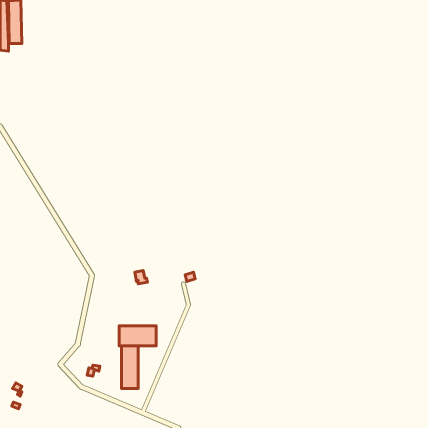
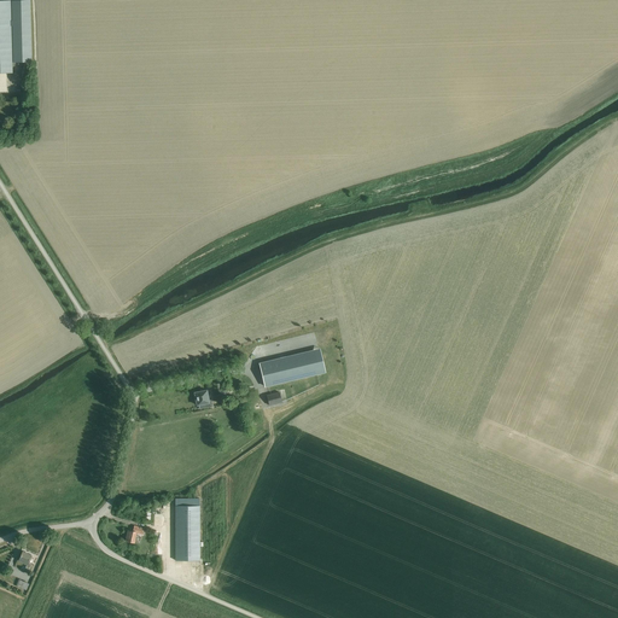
building: none -> [260,350,319,386]
building: [119,326,156,346] -> none

